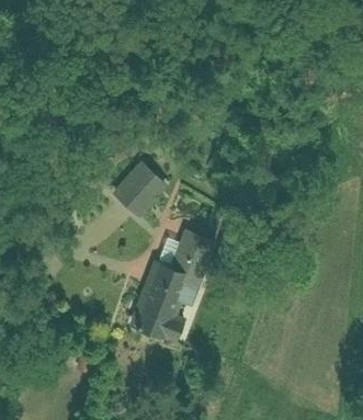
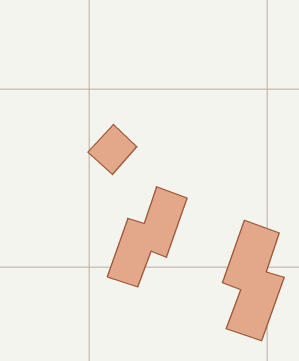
building: none -> [223,220,284,341]

